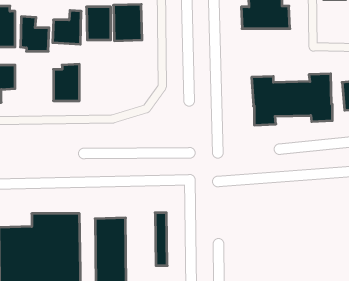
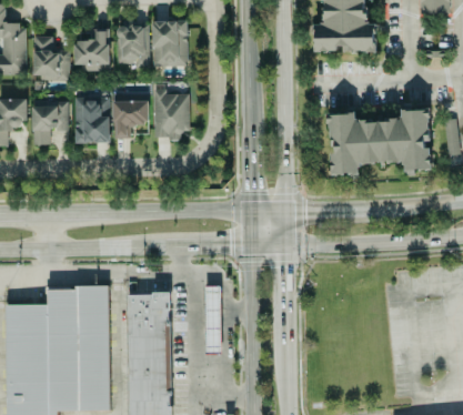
building: none -> [152,88,189,138]
building: none -> [113,93,148,139]
building: none -> [32,101,68,144]

